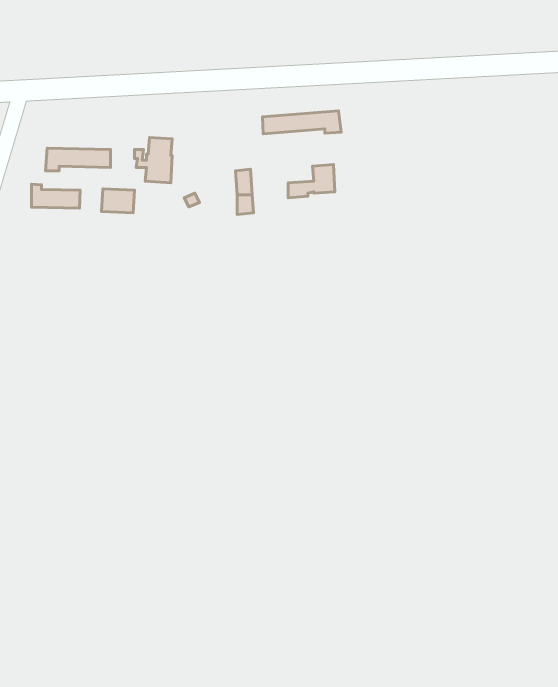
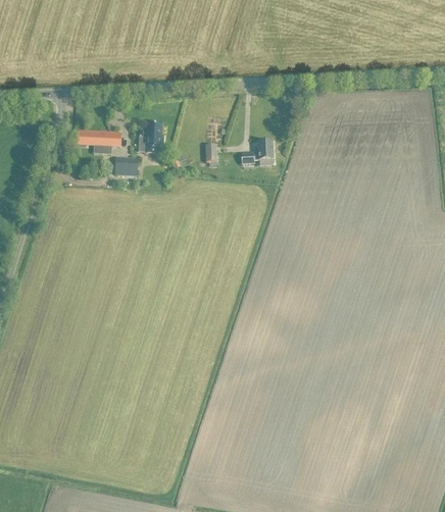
building: [262,111,341,134] -> none
building: [31,184,80,208] -> none

